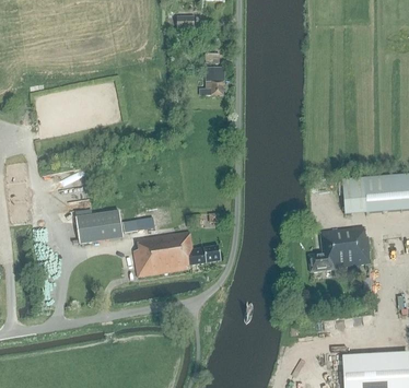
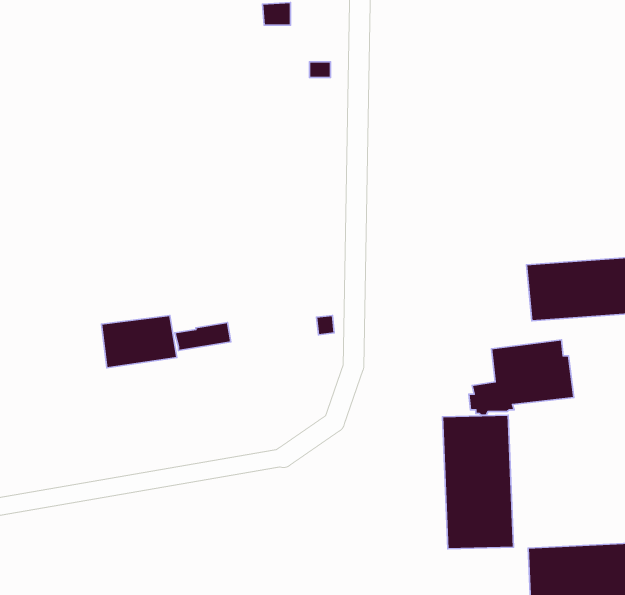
building: [200,67,224,94] -> none
building: [132,231,220,275] -> none
building: none -> [442,415,513,549]

